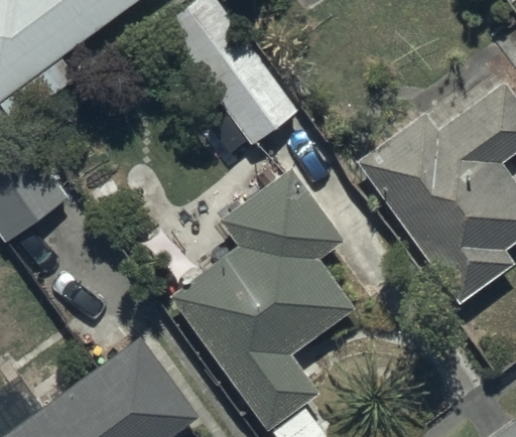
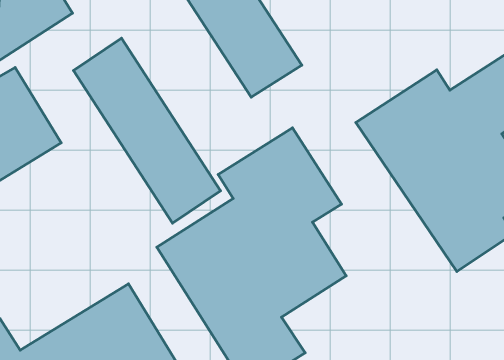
building: none -> [73,38,221,223]

